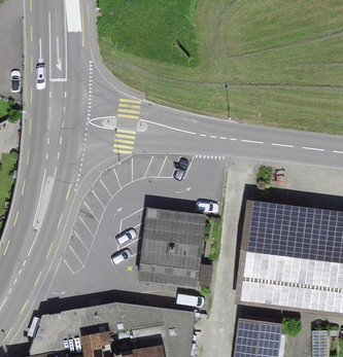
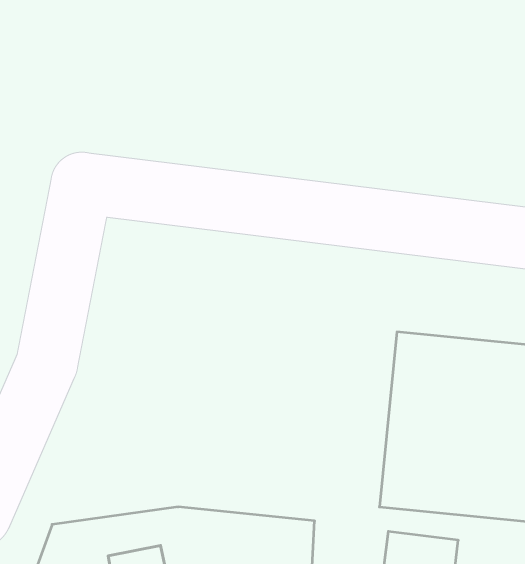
building: [137,211,204,290] -> none

